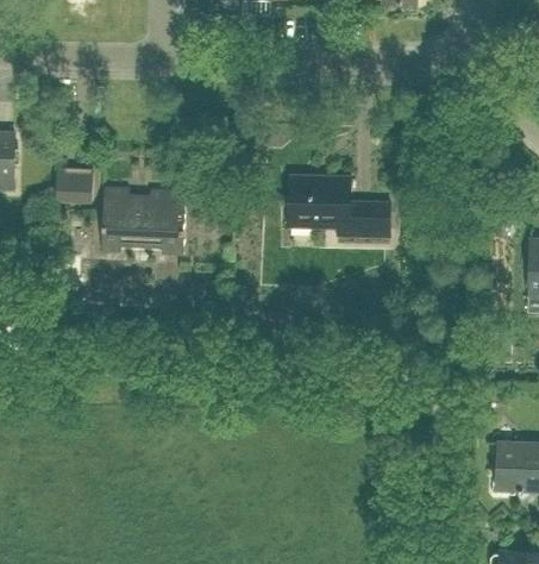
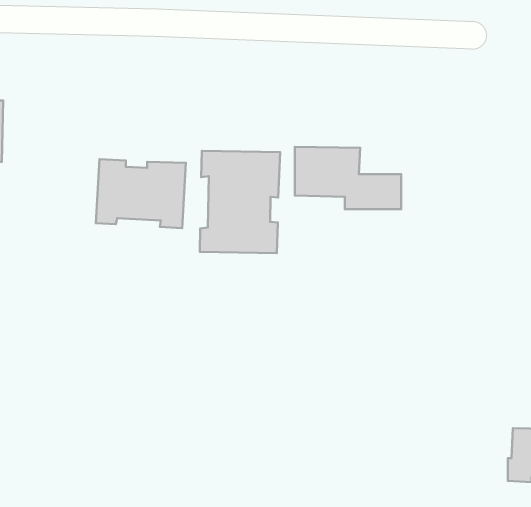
building: [56,168,94,201] -> none
building: none -> [200,151,280,253]

